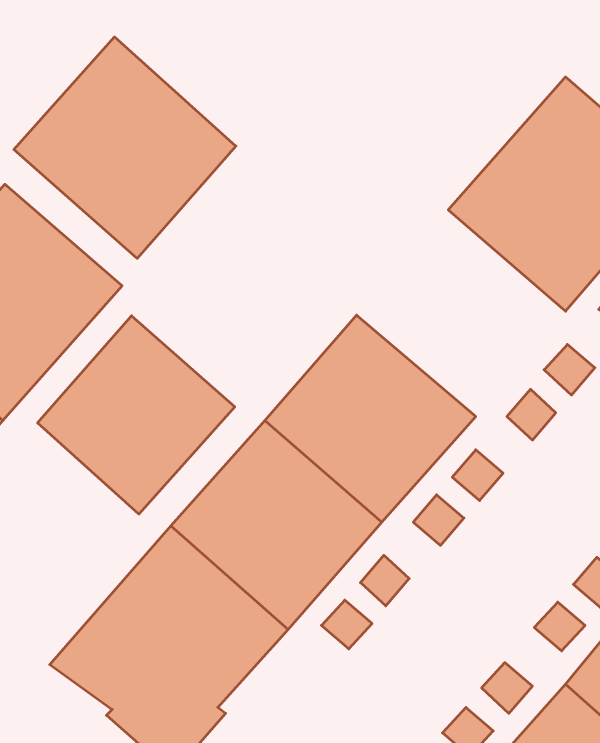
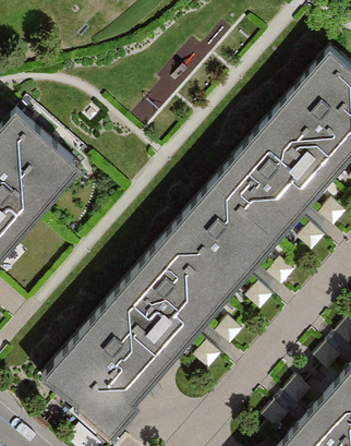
building: [14,37,236,258] -> none
building: none -> [214,121,330,237]
building: [38,316,235,514] -> none

